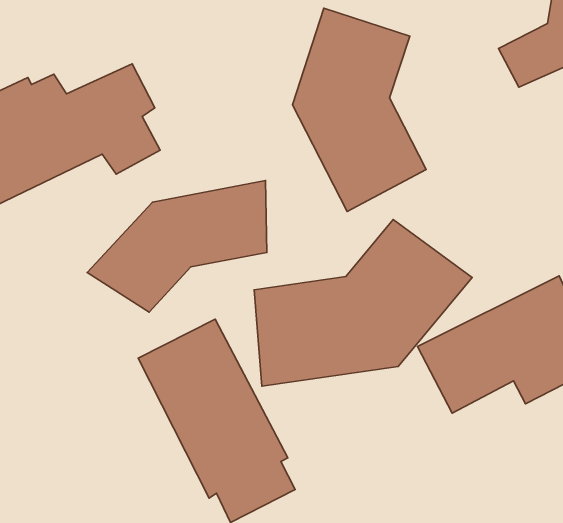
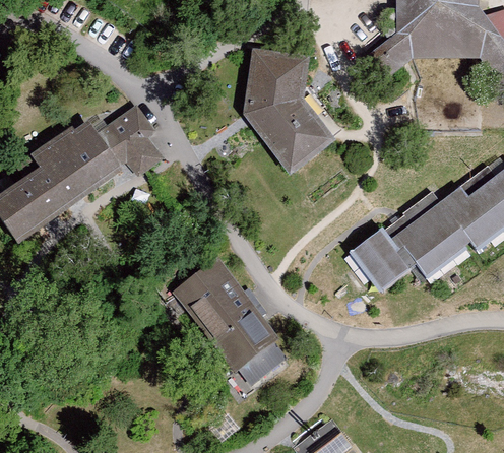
building: [87,181,267,312] -> none
building: [254,219,472,386] -> none

